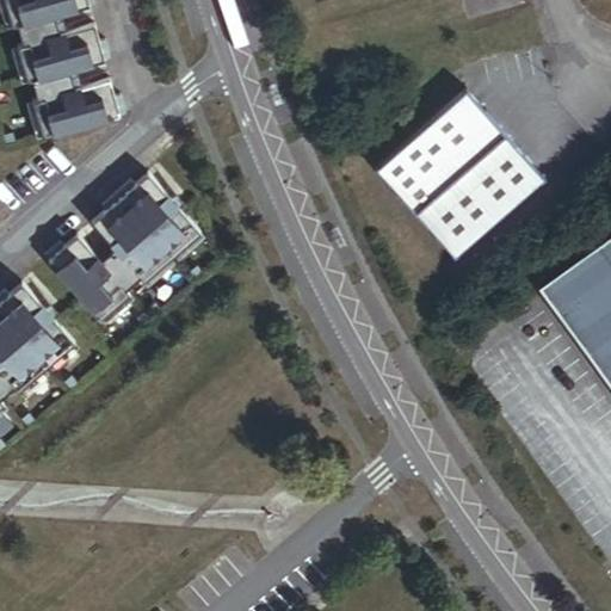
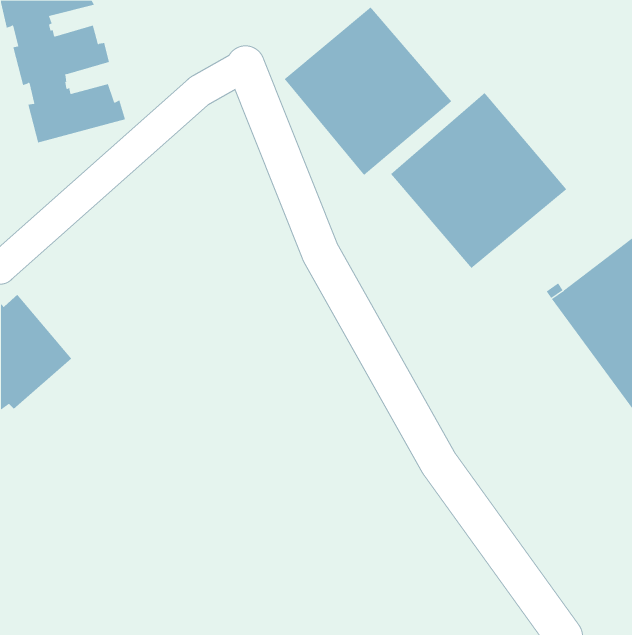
building: none -> [284,7,452,176]
building: [43,175,200,322] -> none

